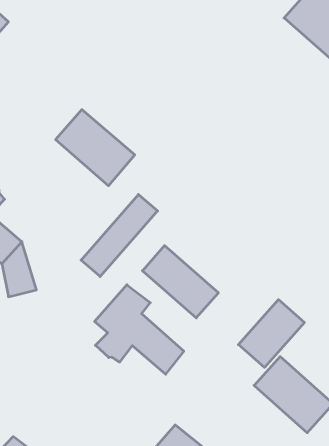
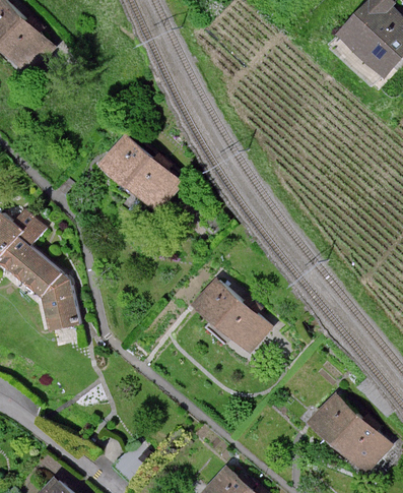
building: [81,194,158,277] -> none
building: [95,285,184,374] -> none
building: [238,300,304,367] -> none

